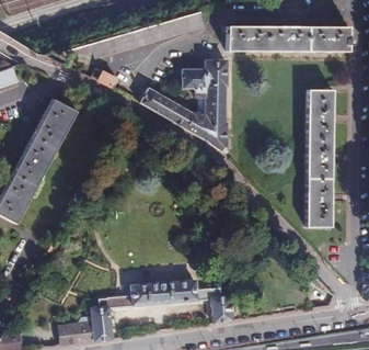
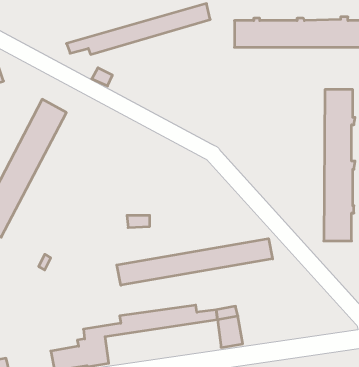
building: [140,59,227,151] -> none
building: none -> [117,239,273,285]

